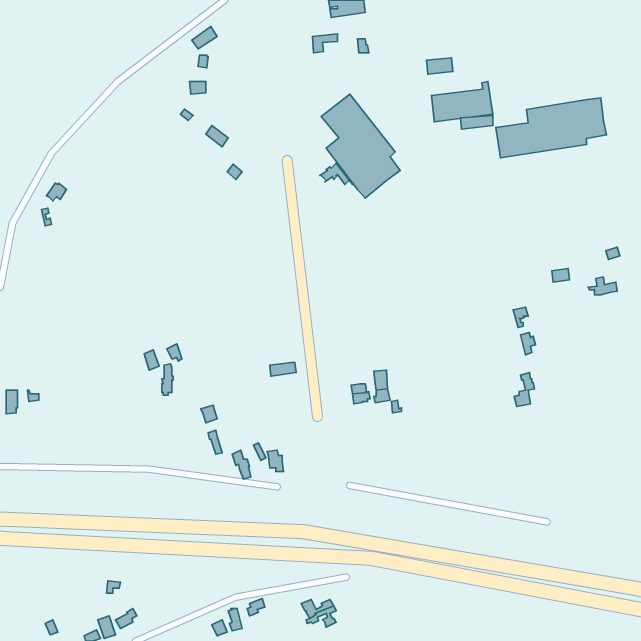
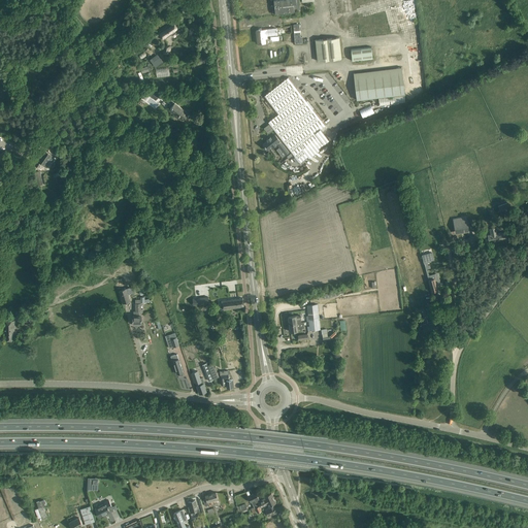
building: none -> [316,37,341,61]
building: [496,98,606,158] -> none

